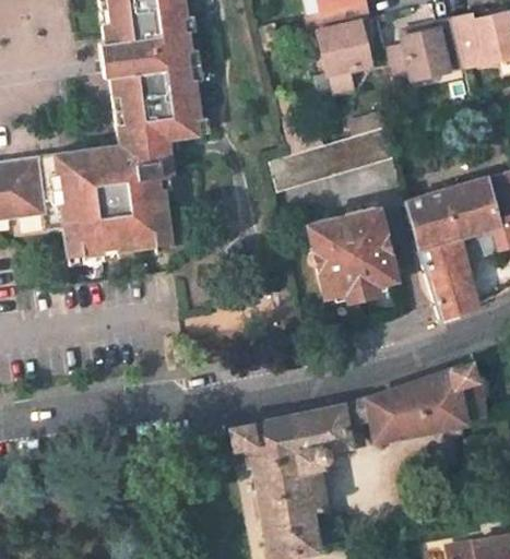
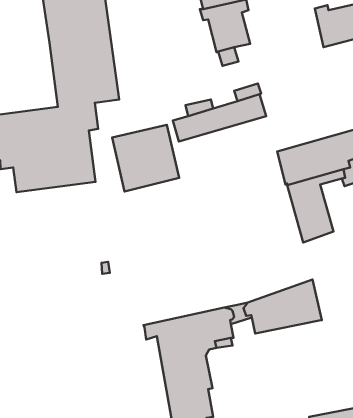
building: [386,17,466,82] -> none
building: [307,209,394,295] -> [112,125,179,191]
building: [452,362,485,421] -> none

